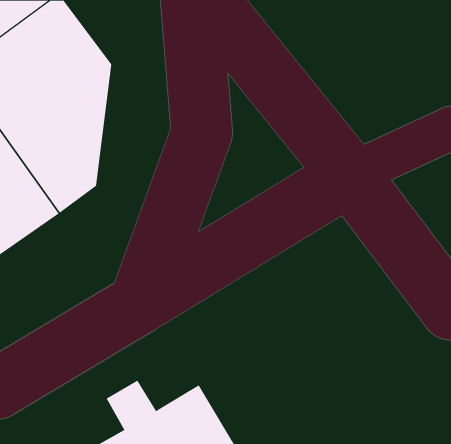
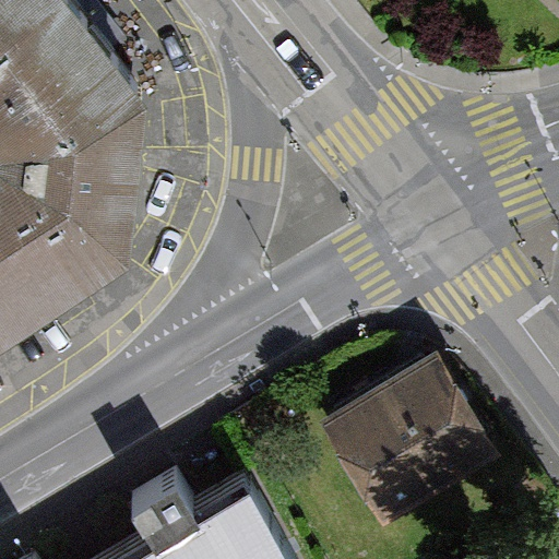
building: none -> [314,350,495,523]

